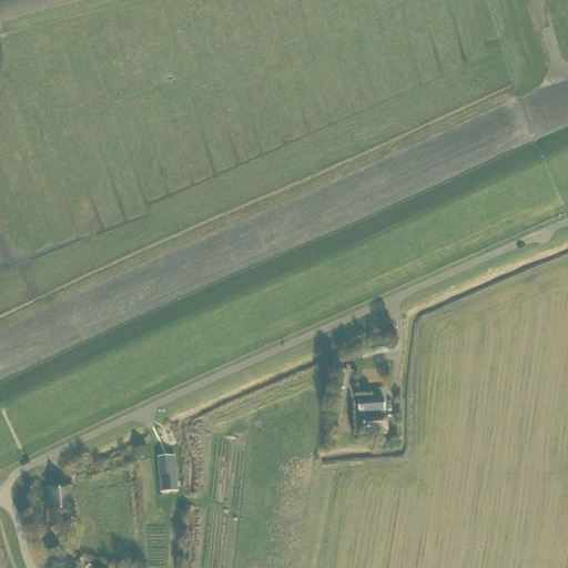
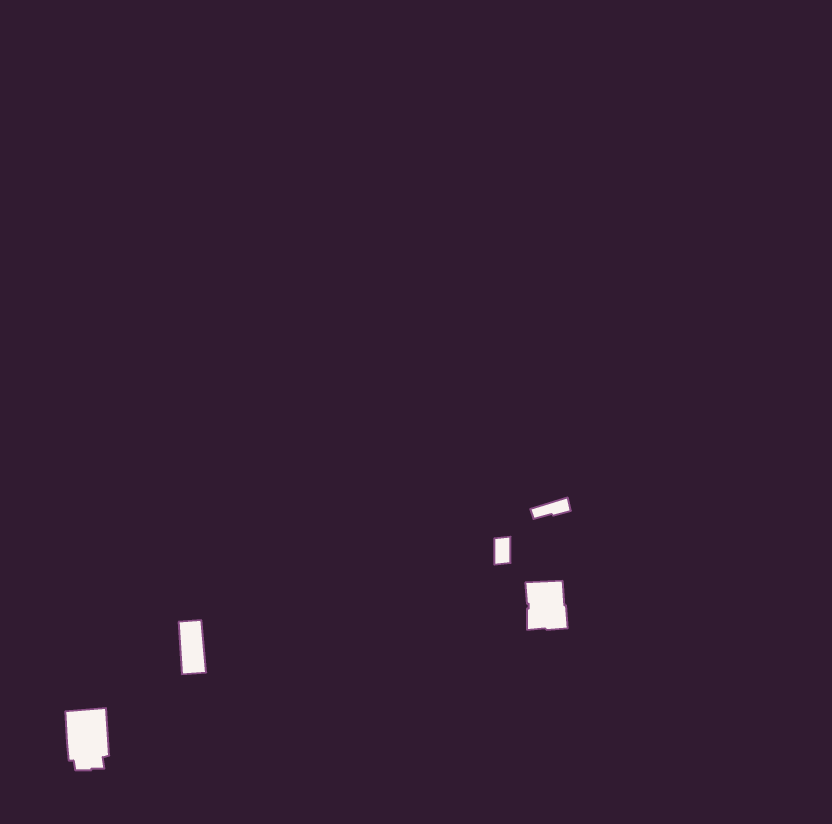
building: [158,452,176,488] -> [179,620,206,674]

